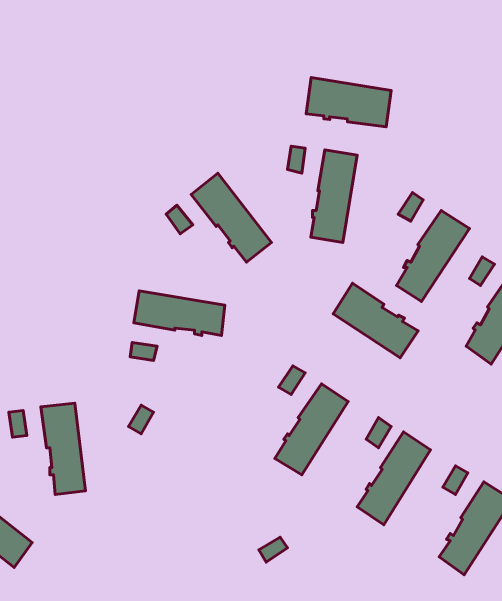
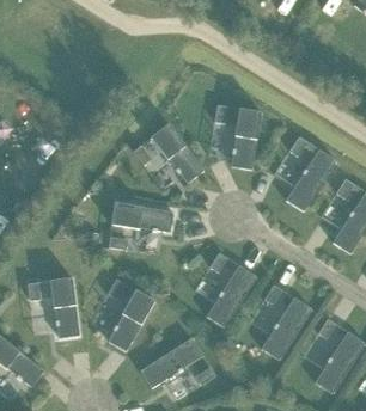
building: [306,77,391,127] -> none
building: [333,283,418,358] -> none
building: none -> [105,290,153,352]
building: none -> [140,338,201,387]

